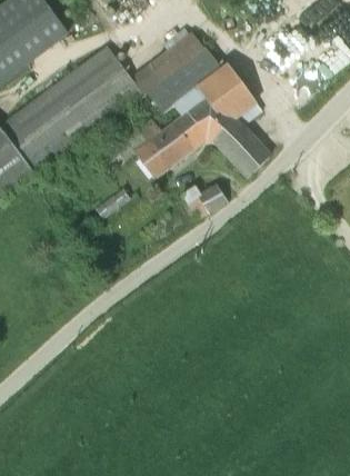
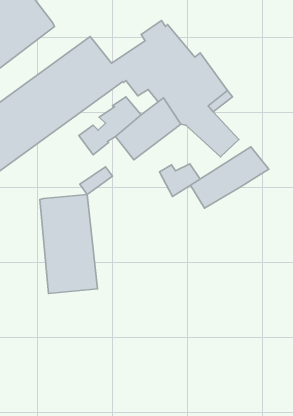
building: none -> [190,147,269,208]
building: none -> [40,194,98,293]

